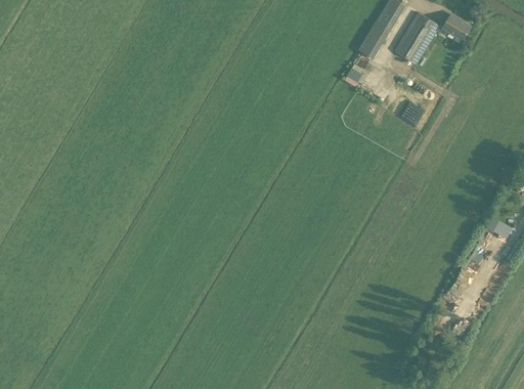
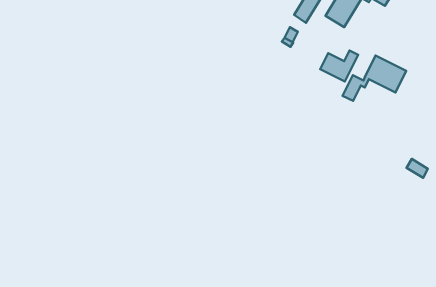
building: none -> [343,55,406,101]

